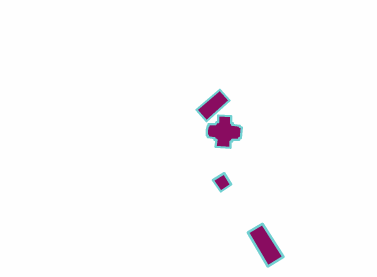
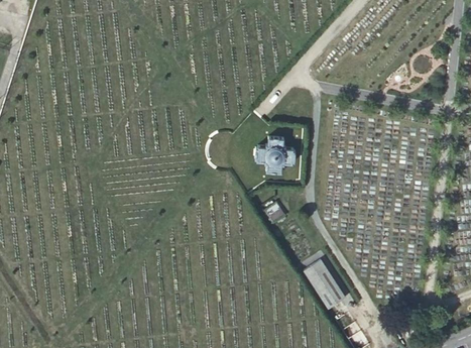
building: [197,90,229,121] -> none

